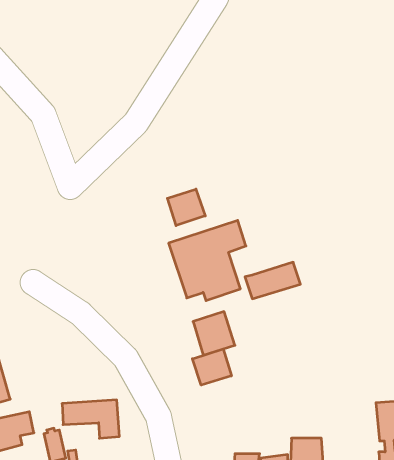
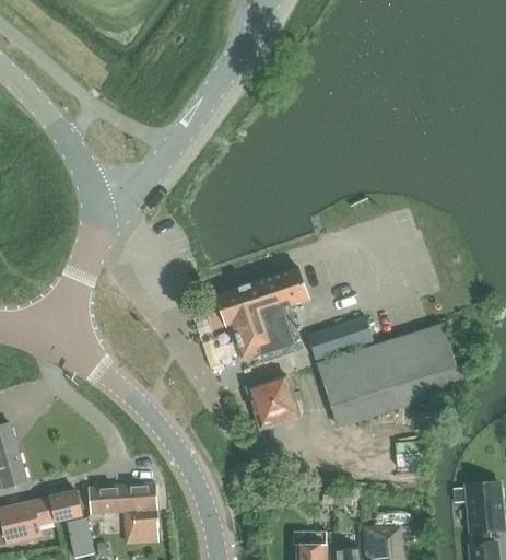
building: [167,189,205,226] -> none
building: none -> [317,322,470,428]
building: [192,349,231,385] -> none
building: none -> [49,490,81,521]

